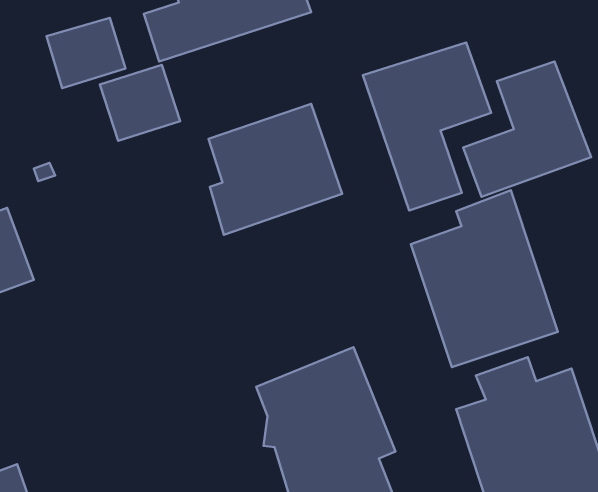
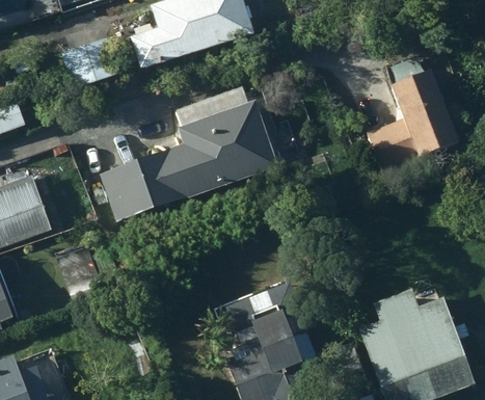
building: [363,42,491,210] -> none
building: [100,65,180,141] -> [101,163,160,219]
building: [411,190,558,367] -> none

